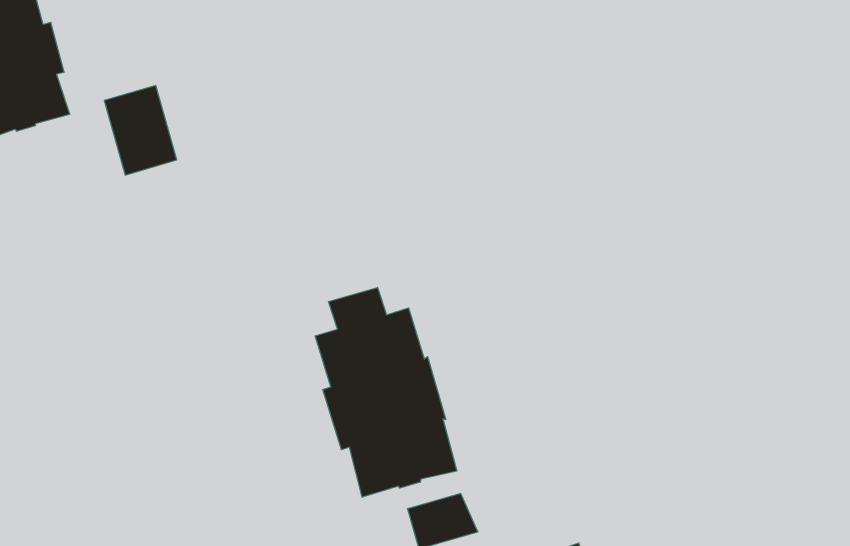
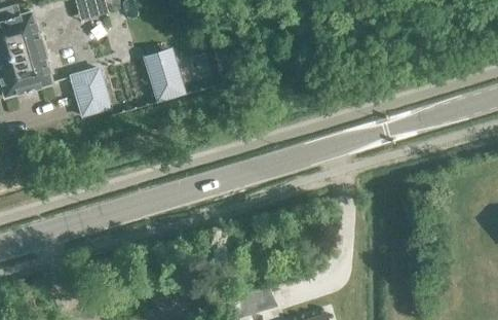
building: none -> [146,52,185,102]
building: [315,287,457,497] -> none

